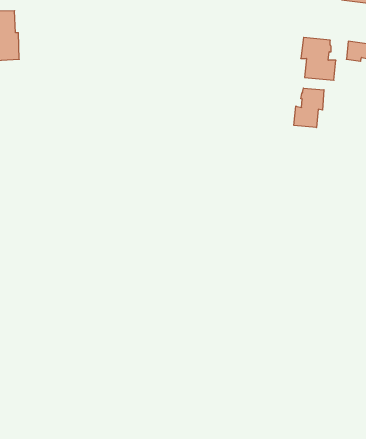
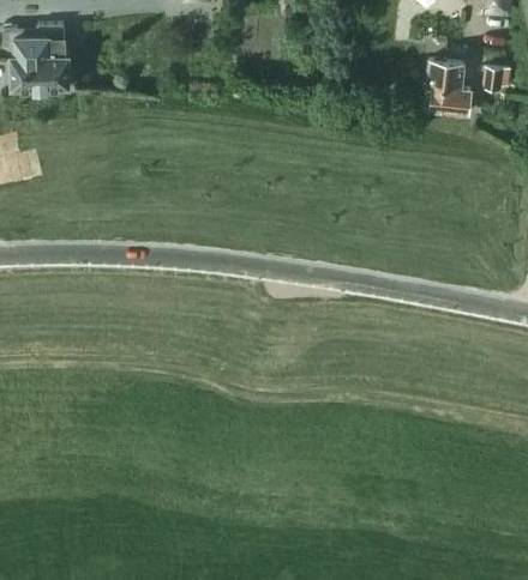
building: [294,88,324,128] -> none

